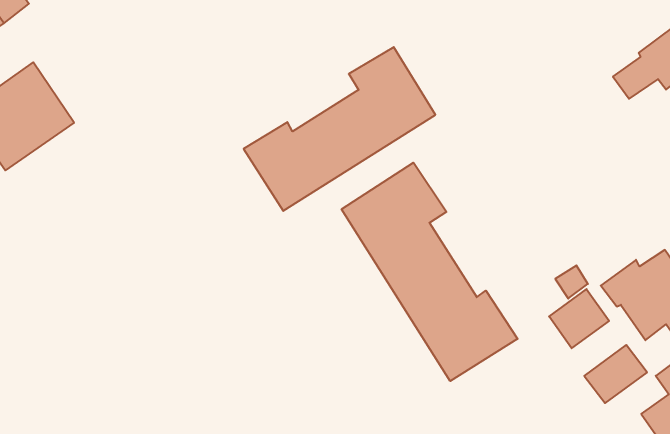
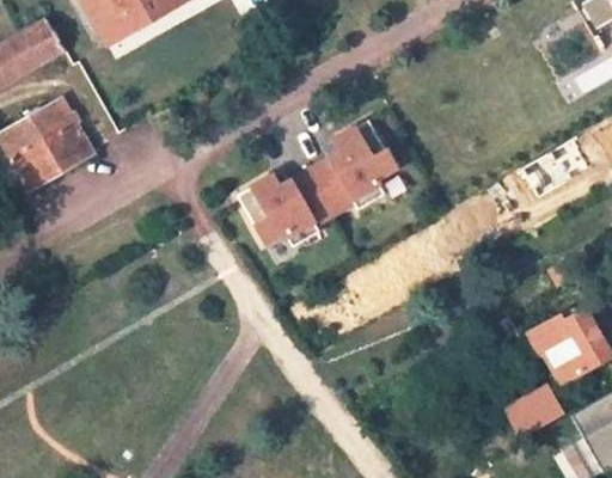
building: [342,163,518,381] -> none
building: [549,289,609,348] -> none

